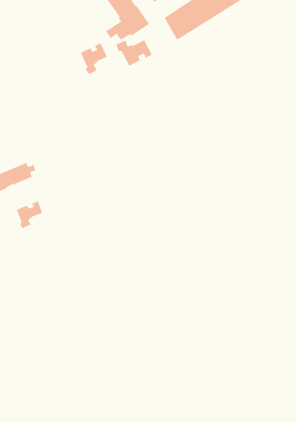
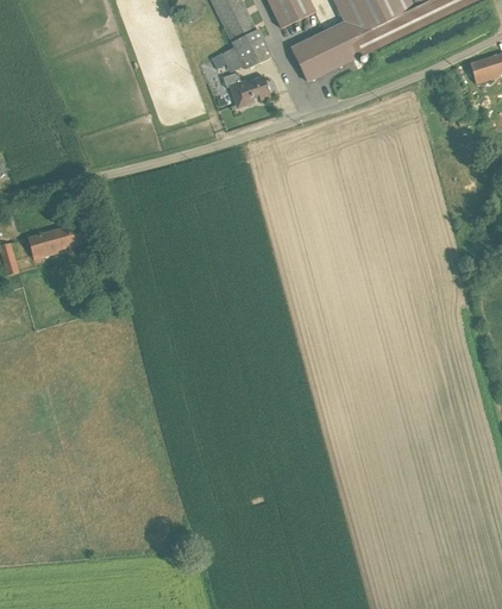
building: [80,43,107,75] -> none
building: [16,200,43,229] -> none

